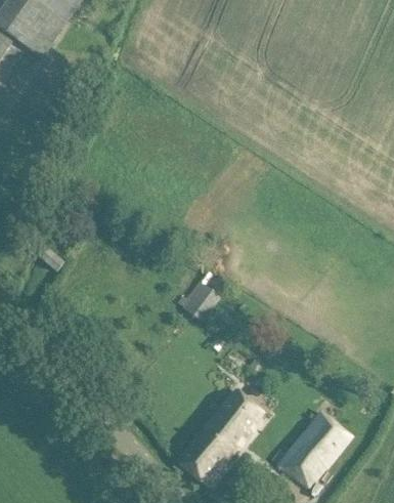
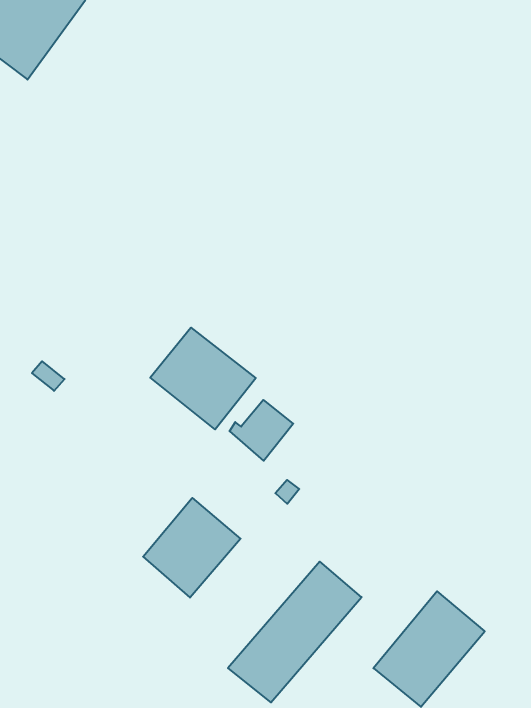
building: none -> [150,328,256,429]
building: none -> [143,498,241,598]

